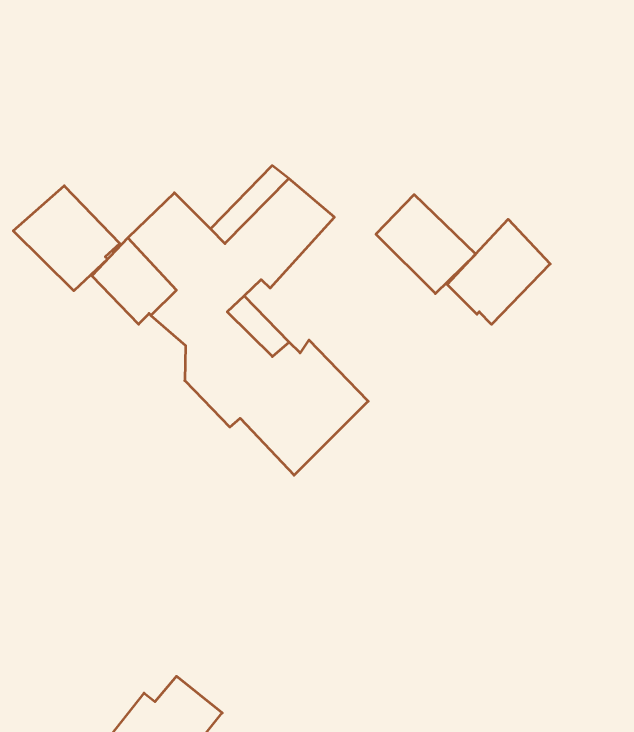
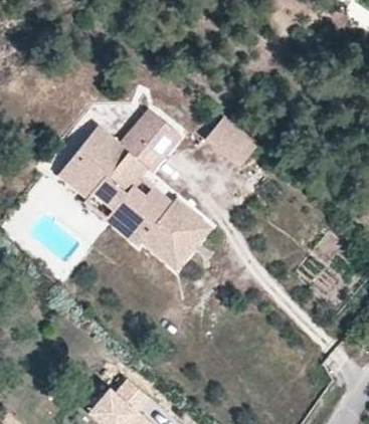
building: [13,186,120,291] -> none
building: [447,219,550,324] -> none

